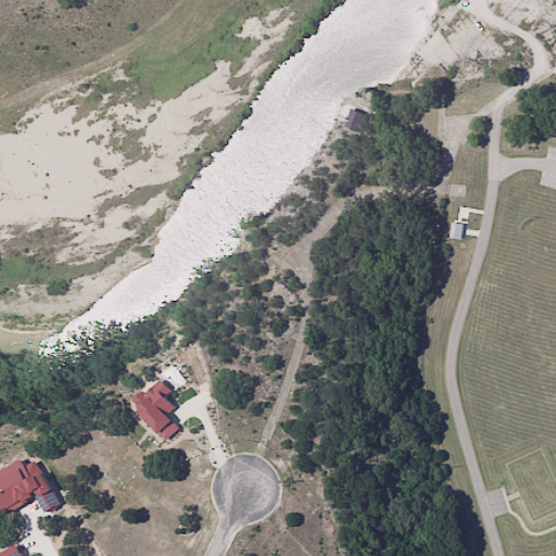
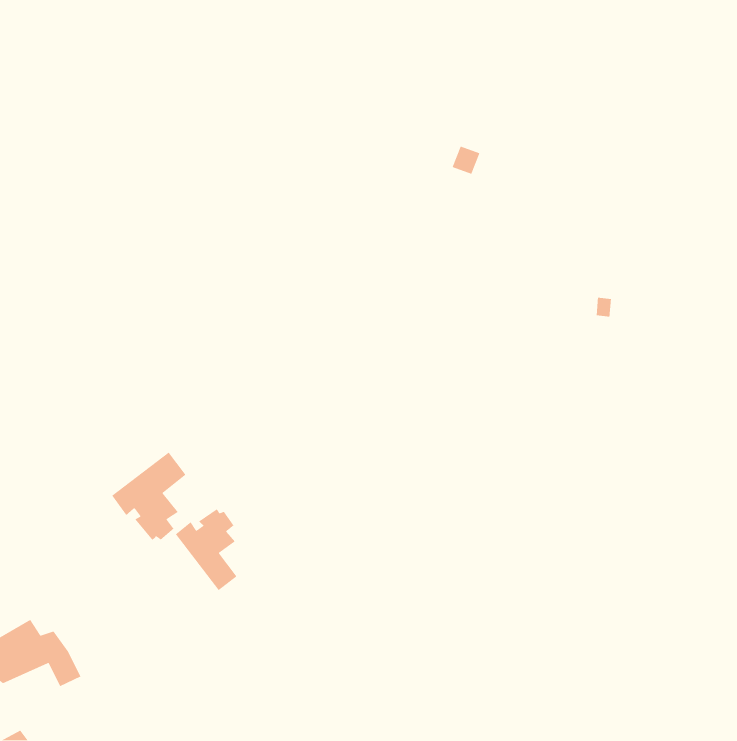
building: none -> [111,451,187,541]

